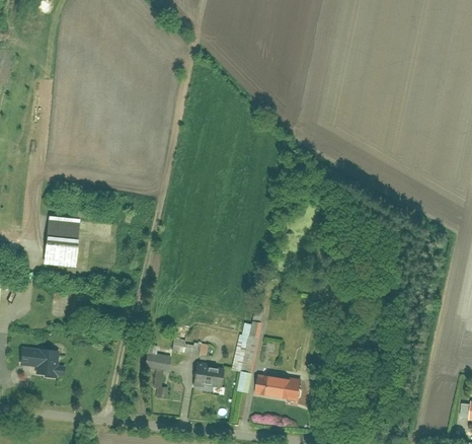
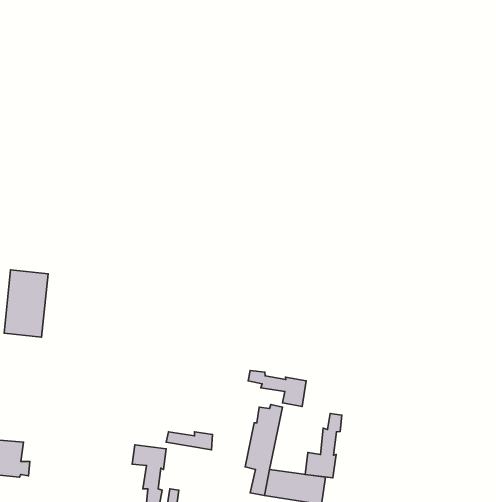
building: none -> [248,370,306,406]
building: none -> [305,413,342,478]
building: [192,363,225,392] -> none

